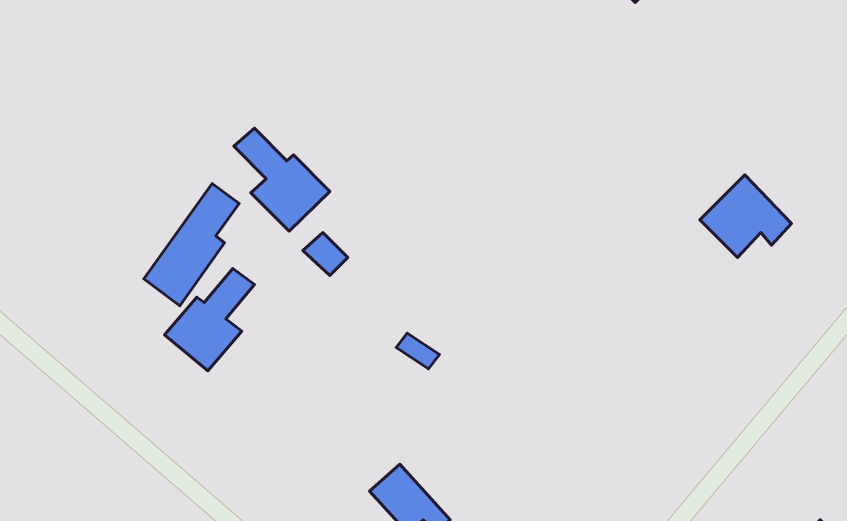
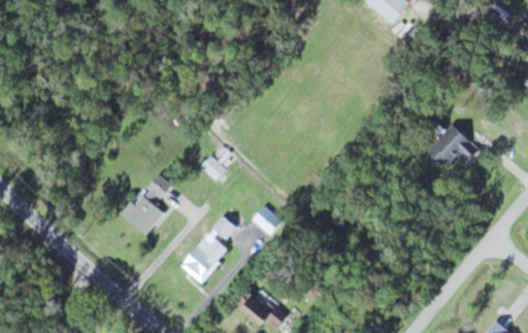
building: [234,128,330,231] -> none
building: [144,184,239,306] -> [180,214,235,285]

